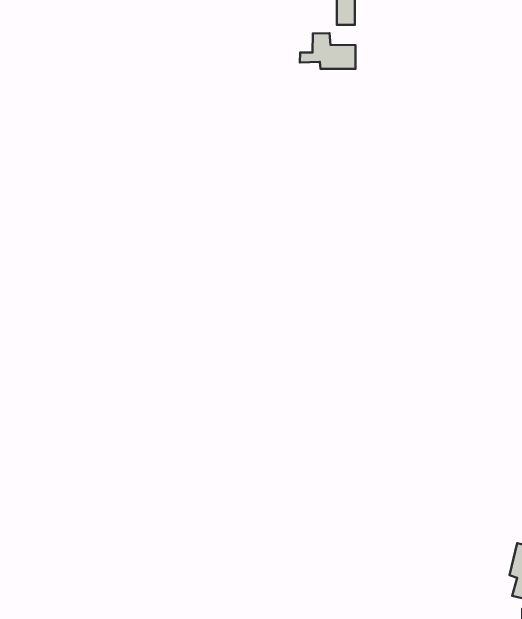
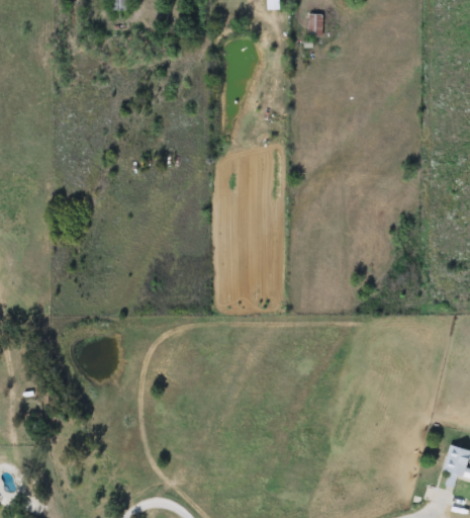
building: [300,33,356,69] -> none

